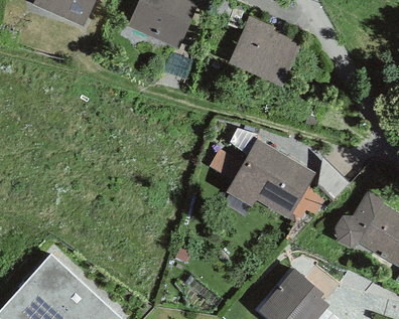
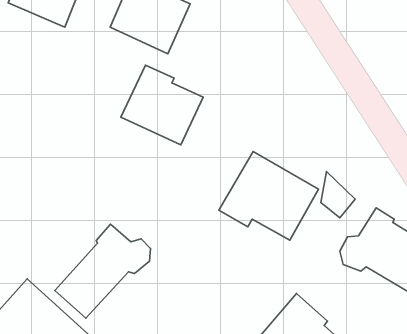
building: [227,15,301,88] -> [121,65,203,145]
building: none -> [55,224,151,318]

